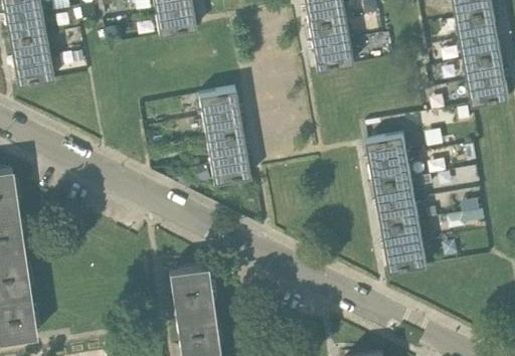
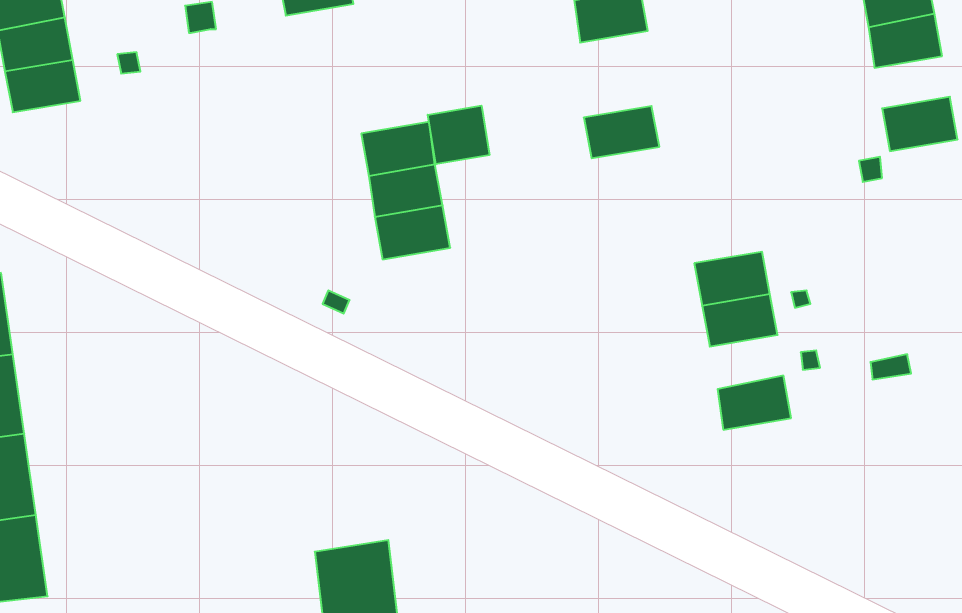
building: [312,39,351,66] -> [584,106,659,158]
building: [465,52,504,79] -> none
building: none -> [428,106,489,164]
building: [367,133,406,160] -> none
building: [209,152,248,179] -> none
building: [379,197,417,225] -> none
building: [386,240,425,269] -> none
building: [168,262,212,310] -> none

